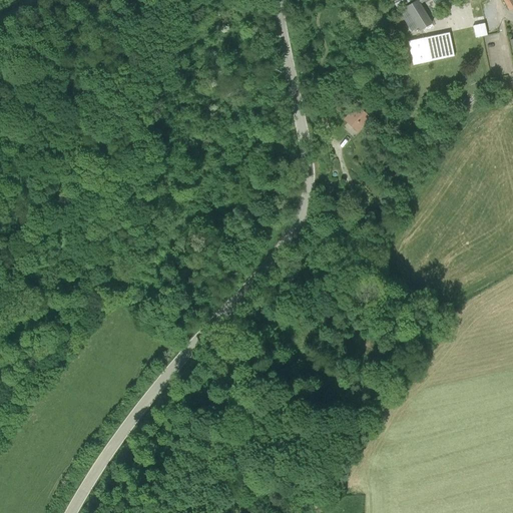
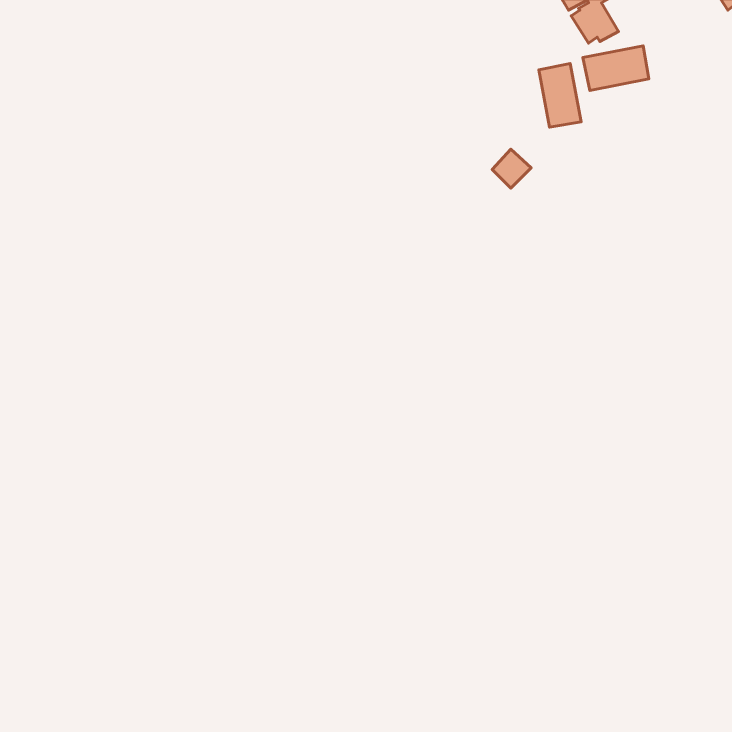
building: none -> [539,63,581,127]

